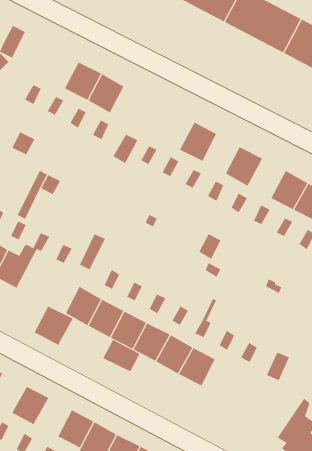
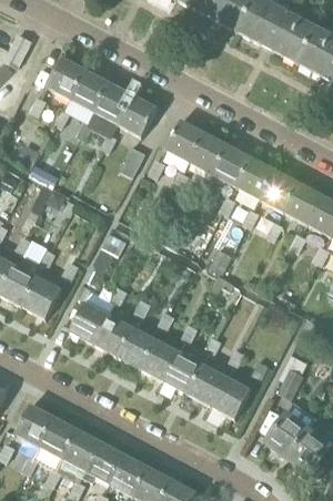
building: none -> [46,58,83,98]
building: none -> [117,95,155,135]
building: none -> [164,120,203,161]
building: none -> [212,144,250,185]
building: none -> [259,170,297,211]
building: [34,306,74,345] -> [20,276,61,317]
building: [102,339,140,372] -> none
building: none -> [211,377,250,417]
building: none -> [265,401,316,458]
building: none -> [38,417,77,457]

